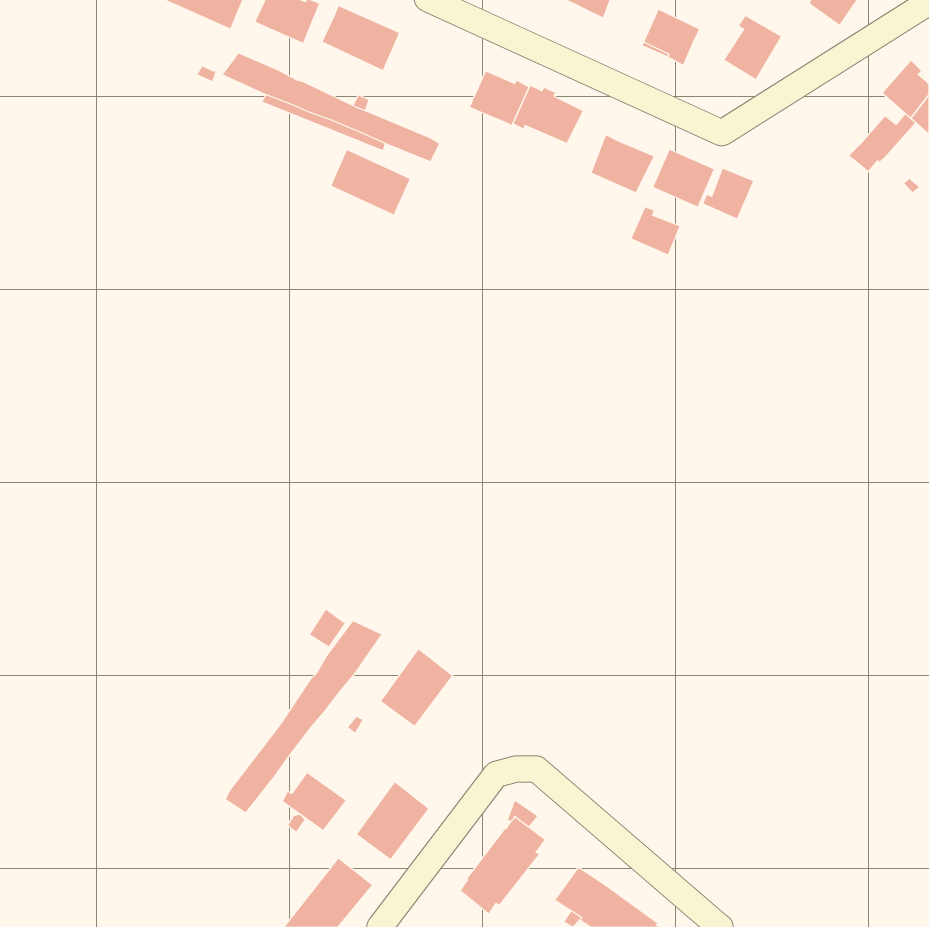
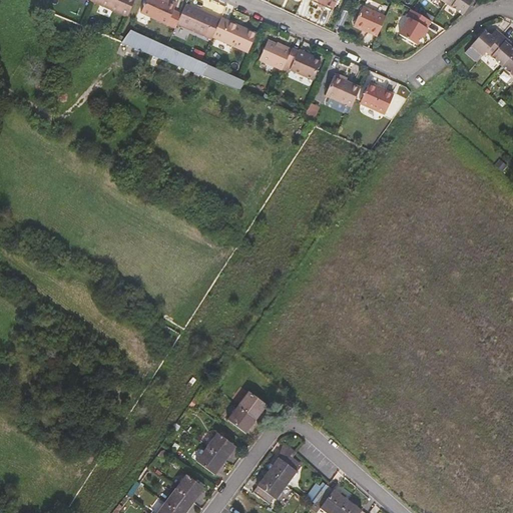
building: [849,114,916,172] -> [465,28,502,60]
building: [330,150,410,215] -> [212,16,256,52]
building: [703,168,754,219] -> none
building: [631,206,680,255] -> none
building: [225,620,382,813] -> none
building: [380,648,453,727] -> [227,390,268,433]
building: [282,772,346,831] -> none

